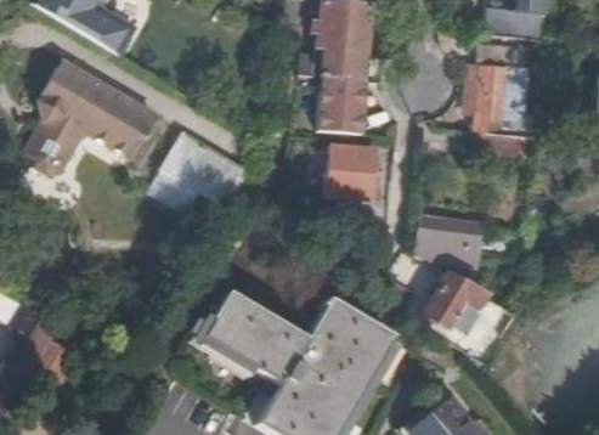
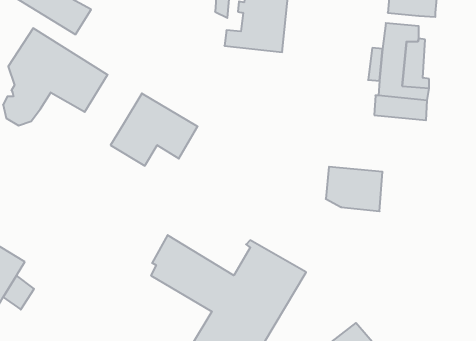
building: [303,83,366,131] -> none
building: [328,142,377,194] -> none
building: [428,273,486,328] -> none

